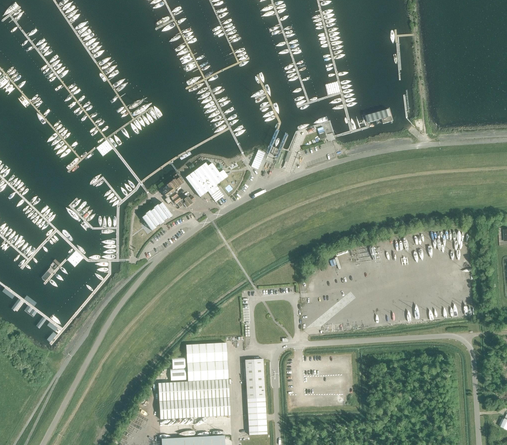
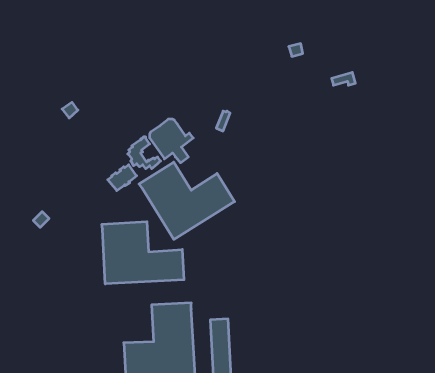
building: none -> [139,162,235,239]
building: none -> [102,222,184,284]

